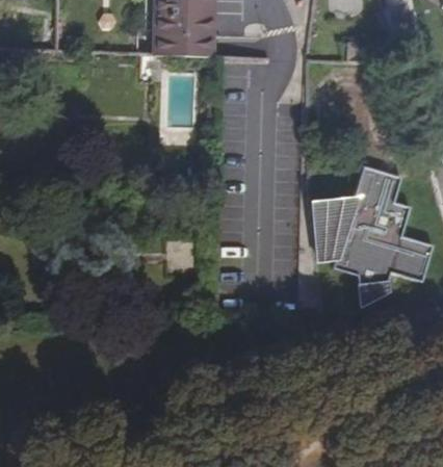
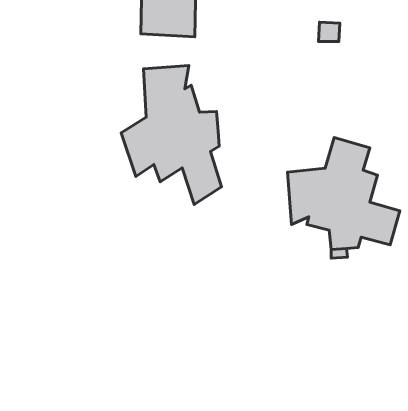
building: none -> [121,65,222,204]

